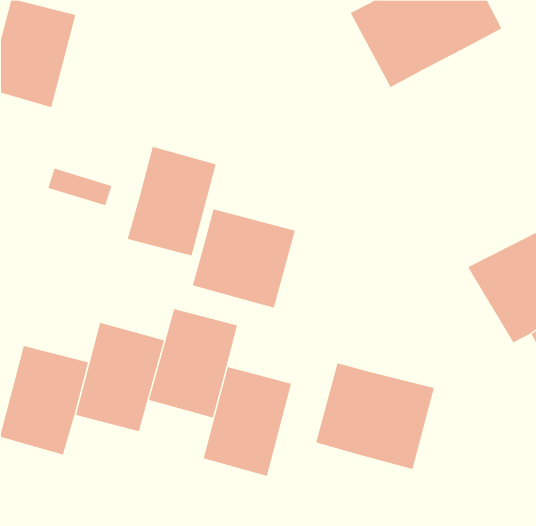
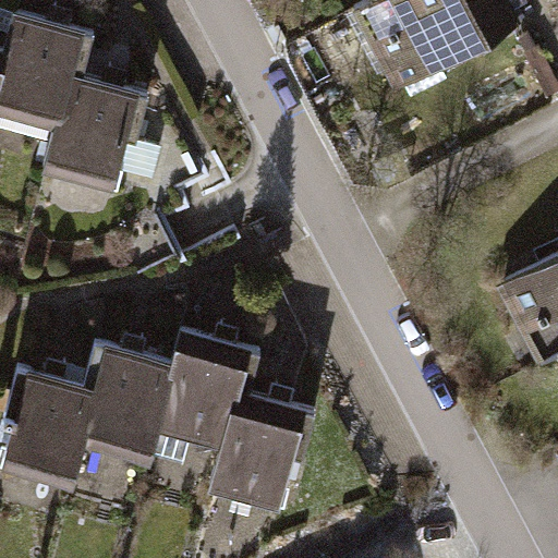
building: [127,146,217,256] -> [46,72,138,185]
building: [192,209,296,308] -> none
building: [315,362,434,470] -> none

